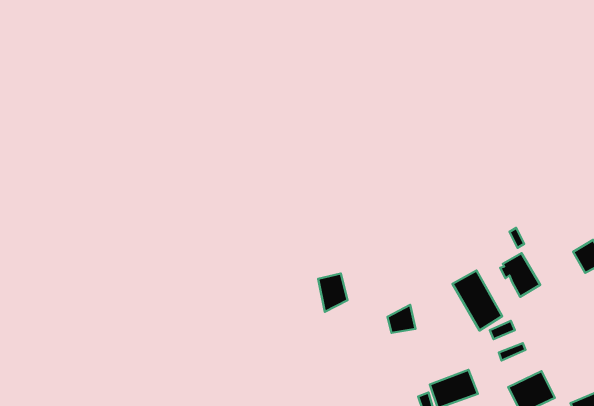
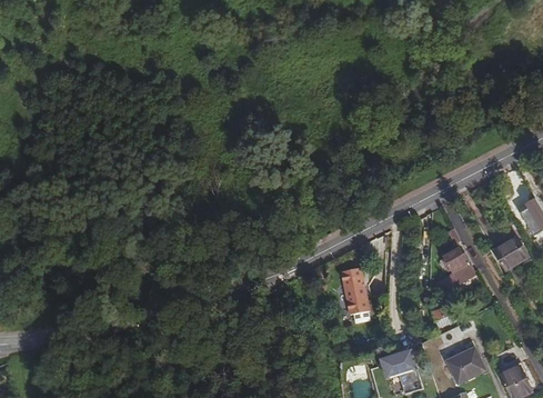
building: [452,271,502,330] -> none
building: [318,274,347,312] -> [340,269,364,301]

